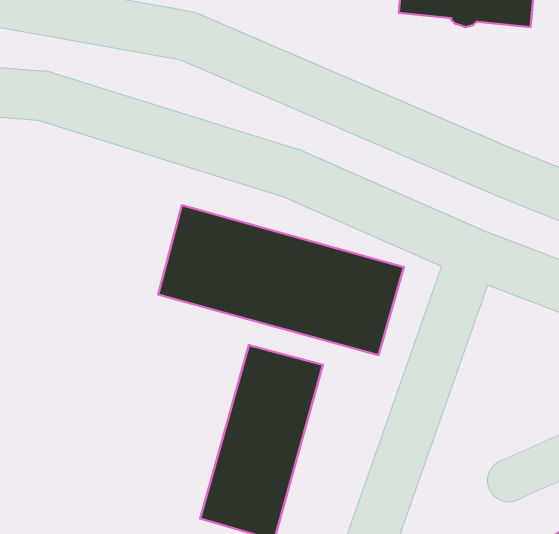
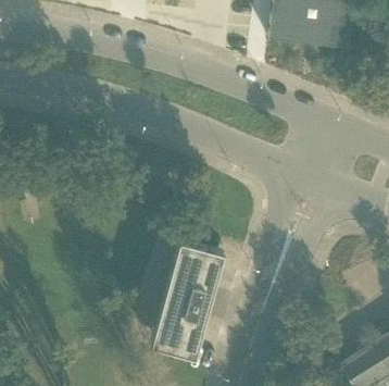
building: [158,205,404,355] -> none

